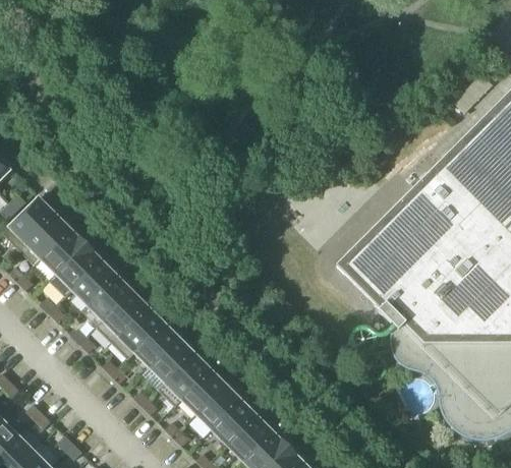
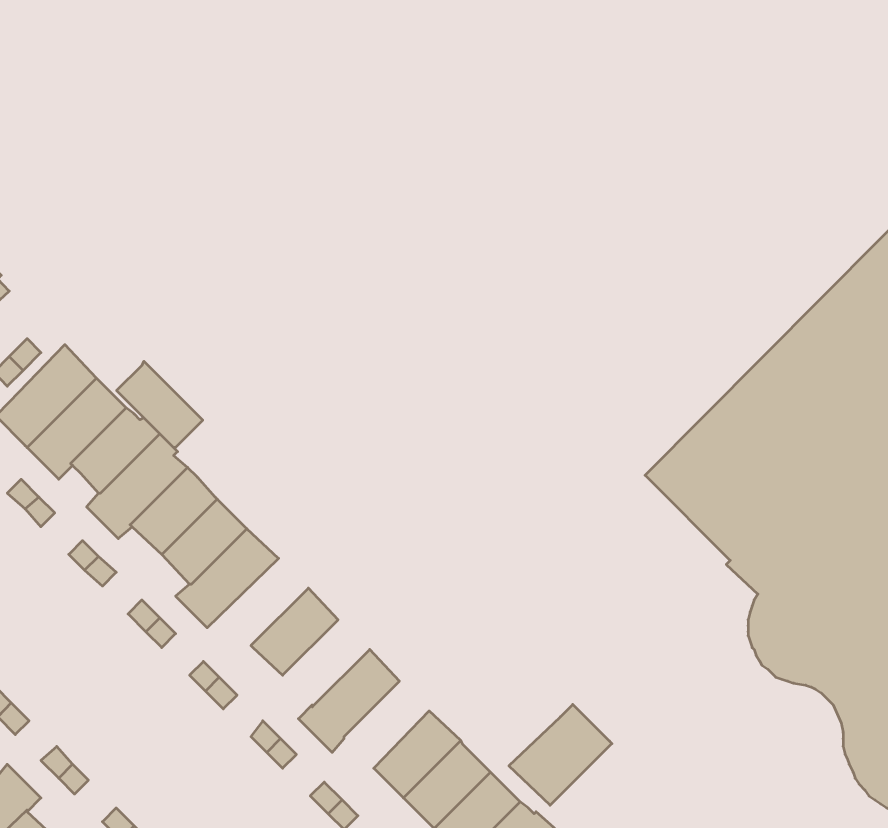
building: none -> [117,361,203,447]
building: [117,310,169,362] -> none
building: [156,342,201,387] -> none
building: [187,373,231,418] -> none
building: none -> [509,704,612,805]

